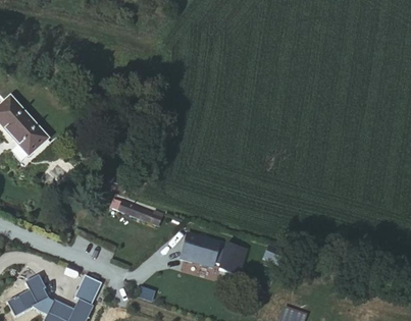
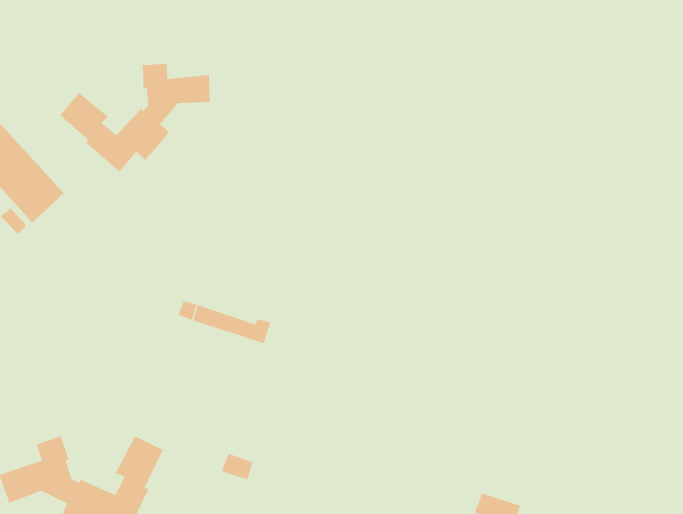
building: none -> [59,63,210,172]
building: [178,229,247,273] -> none

